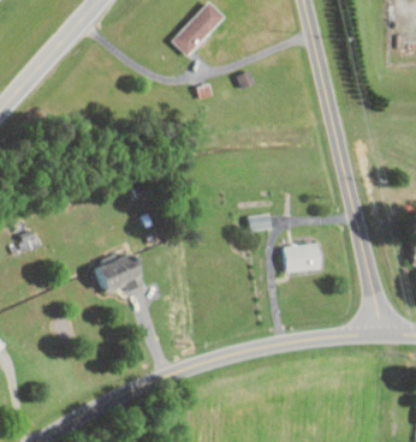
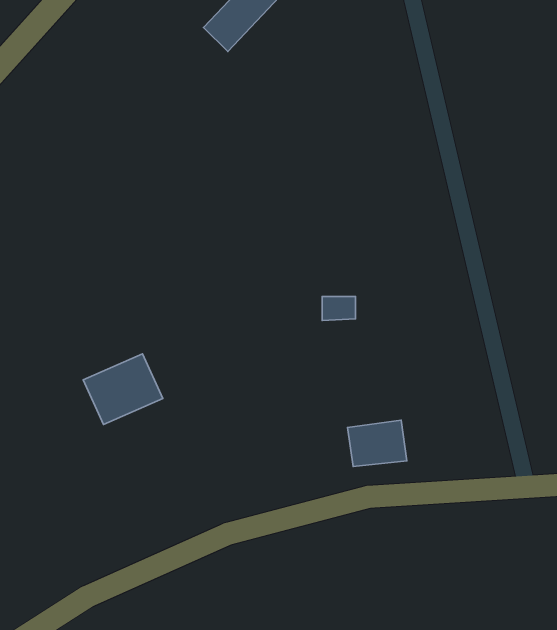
building: [283,243,321,273] -> [347,420,407,467]

